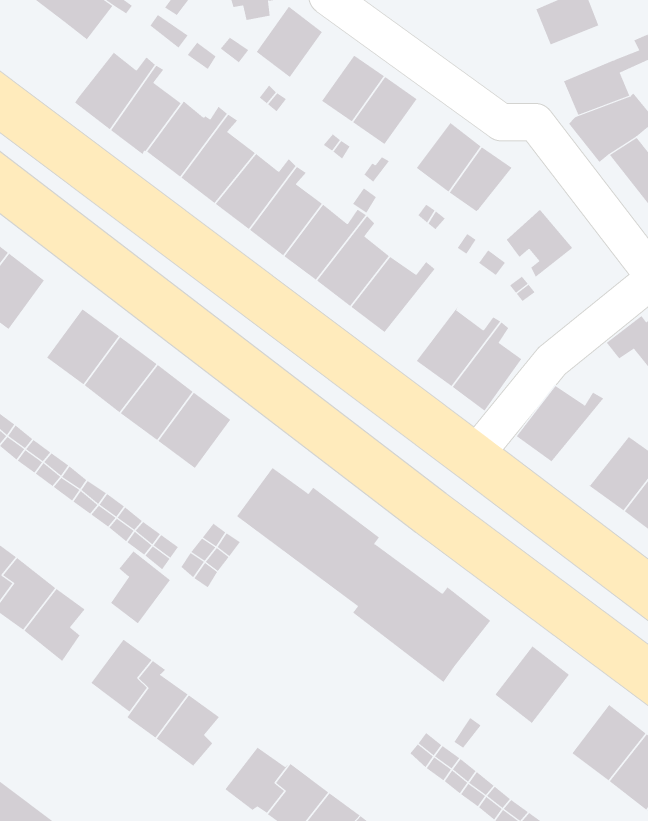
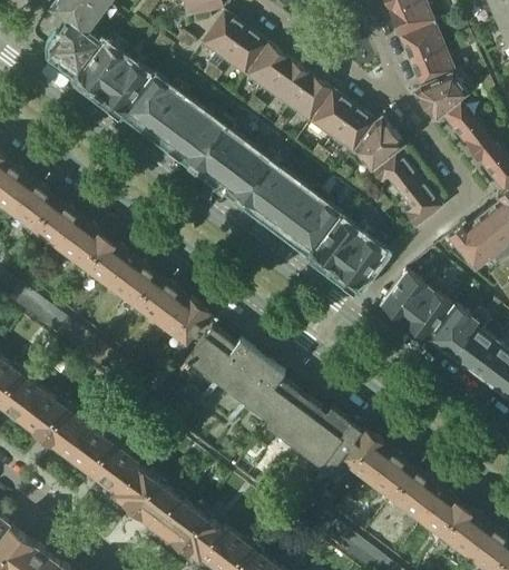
building: none -> [50,23,105,75]
building: none -> [402,26,446,63]
building: none -> [225,30,268,77]
building: none -> [290,76,334,122]
building: none -> [350,118,402,176]
building: none -> [392,177,441,227]
building: none -> [290,191,339,254]
building: none -> [33,199,84,252]
building: none -> [403,279,456,341]
building: none -> [160,294,211,347]
building: [110,551,171,624] -> [70,423,111,473]
building: none -> [337,428,390,481]
building: none -> [390,468,442,521]
building: none -> [159,497,203,546]

